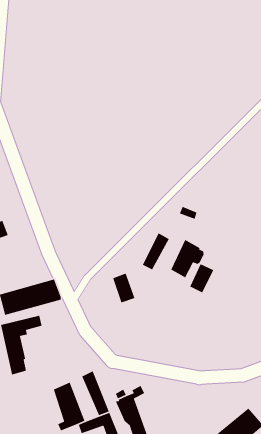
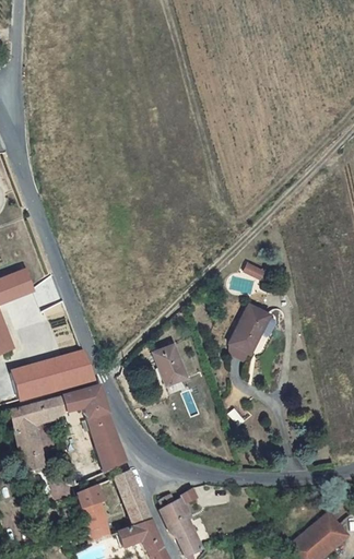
building: [142,232,170,271] -> none
building: [189,263,214,294] -> none
building: none -> [64,388,128,485]

